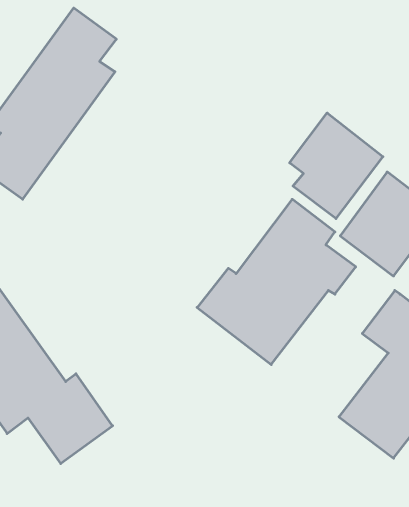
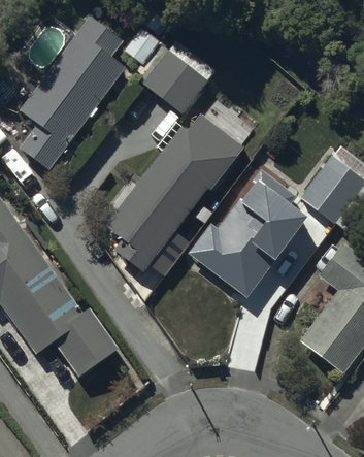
building: none -> [142,41,216,115]
building: [290,113,383,219] -> none
building: none -> [105,115,243,273]

